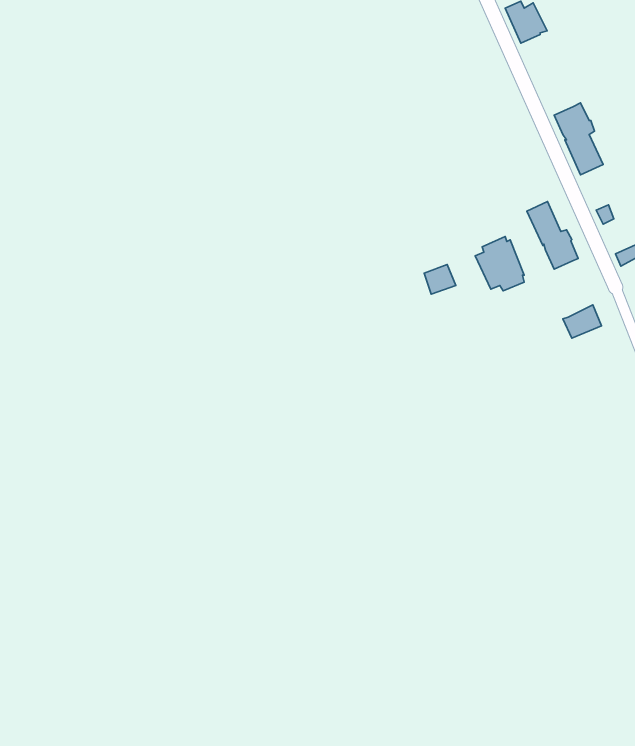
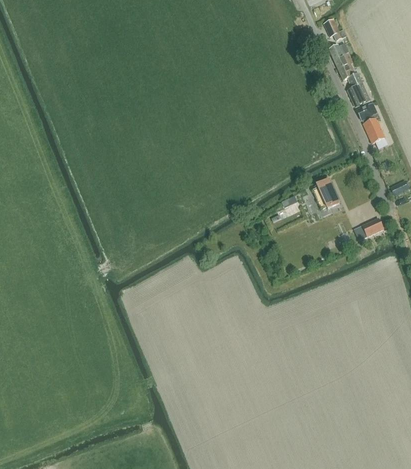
building: none -> [338,61,370,106]
building: [527,202,578,269] -> none

